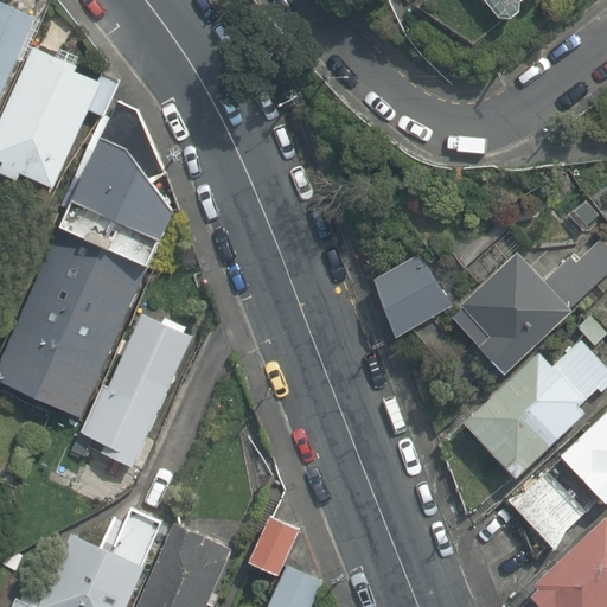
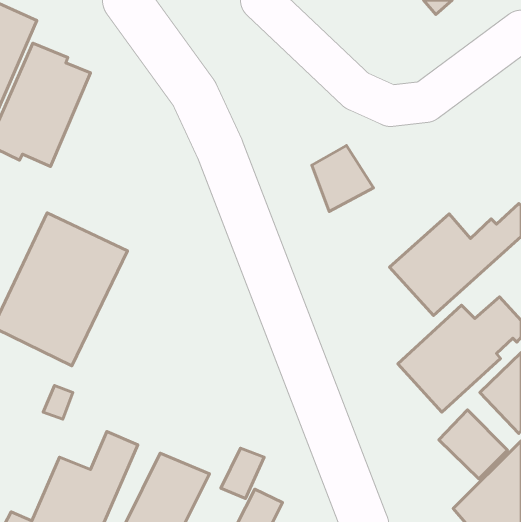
building: [60,126,177,277] -> none
building: [371,255,442,331] -> [312,146,373,211]
building: [92,306,207,472] -> none

